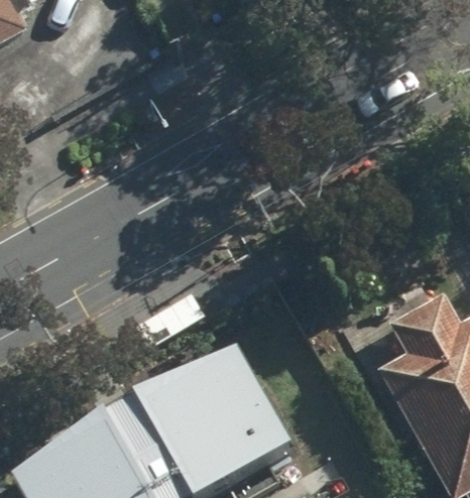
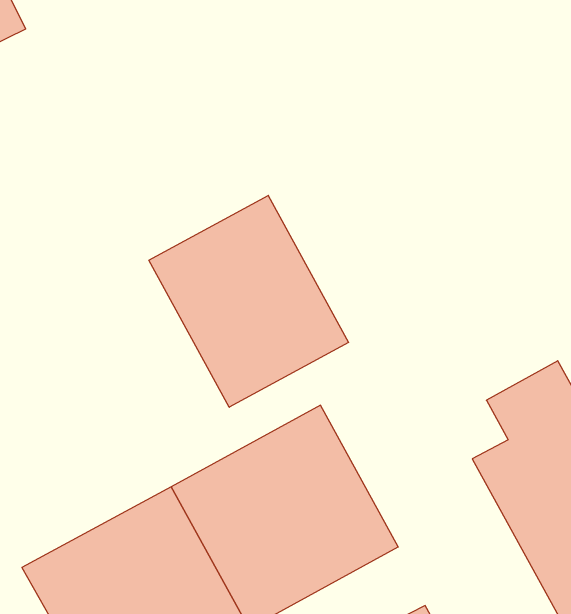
building: none -> [149,195,349,407]

